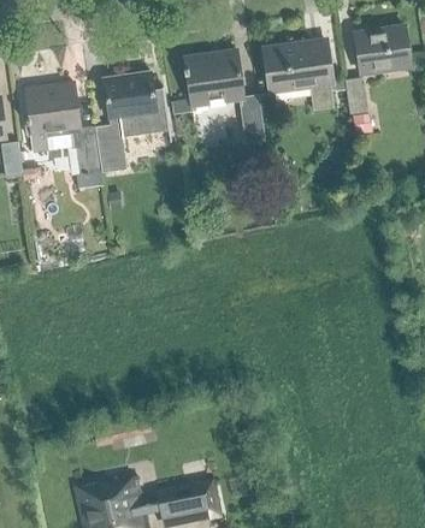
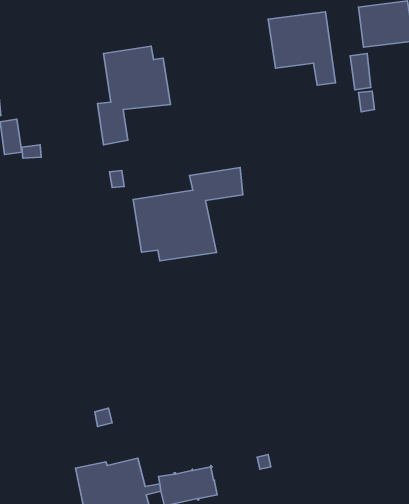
building: [185,51,264,143] -> none
building: [25,83,102,188] -> none
building: none -> [133,168,243,261]

